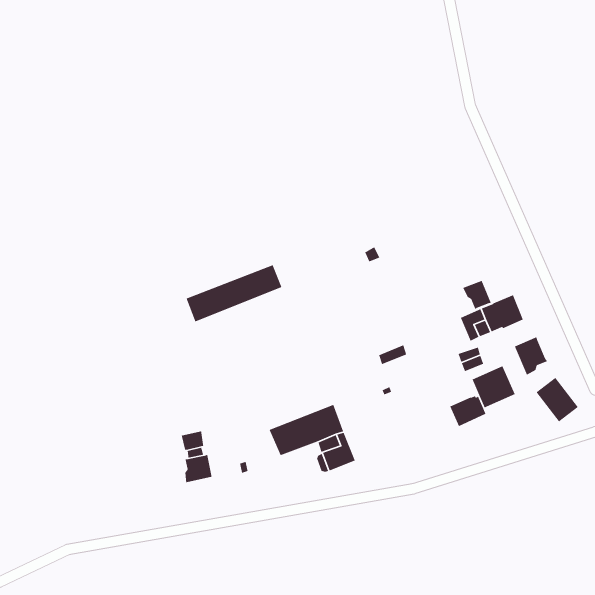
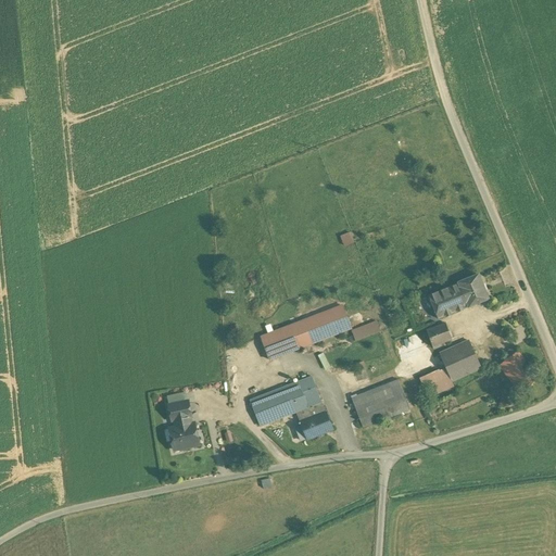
building: [186,264,282,323] -> [260,305,350,359]
building: [462,280,492,310] -> none
building: [514,336,548,376] -> none
building: none -> [351,379,409,427]

